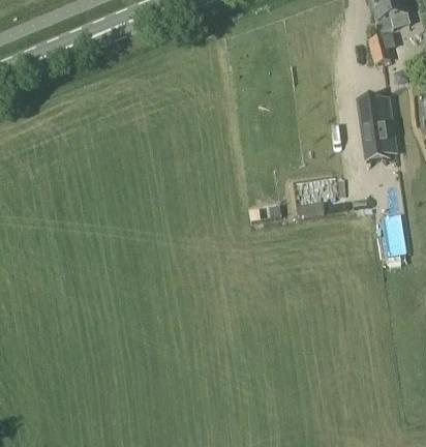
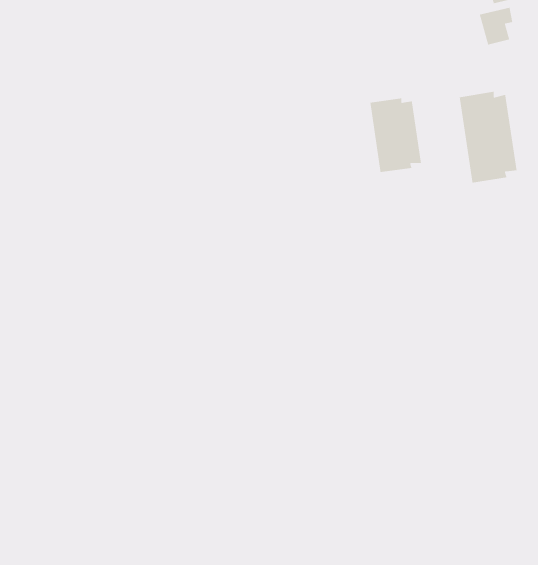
building: none -> [369,98,422,173]

